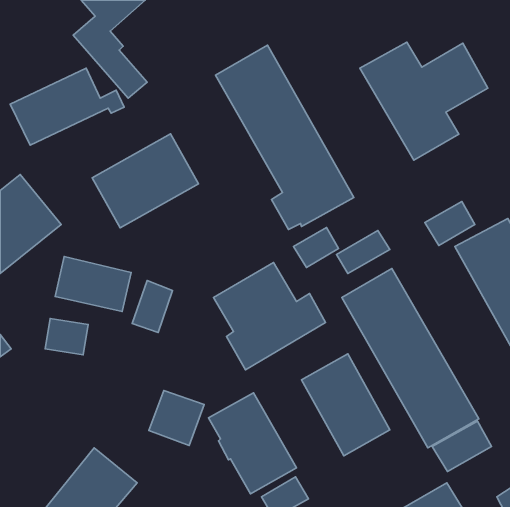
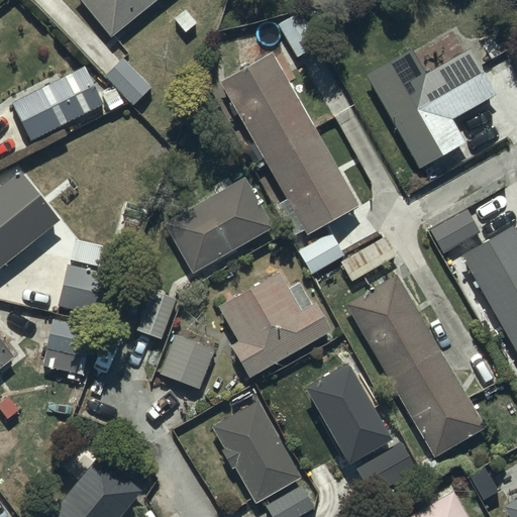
building: [92,134,198,228] -> [165,178,272,273]
building: [149,390,204,446] -> [159,334,214,390]
building: [432,421,491,471] -> [356,443,416,494]

